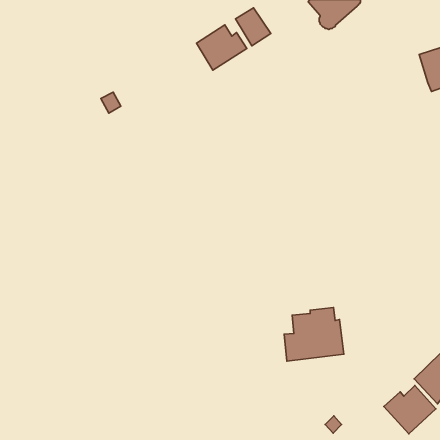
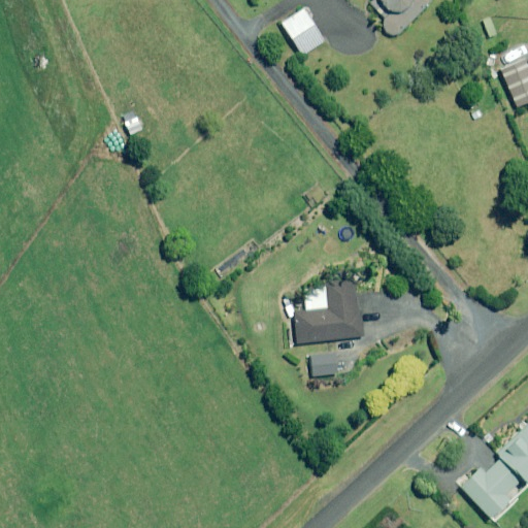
building: [196,25,247,70] -> none
building: none -> [312,353,338,375]
building: [284,308,344,361] -> [295,279,366,343]

